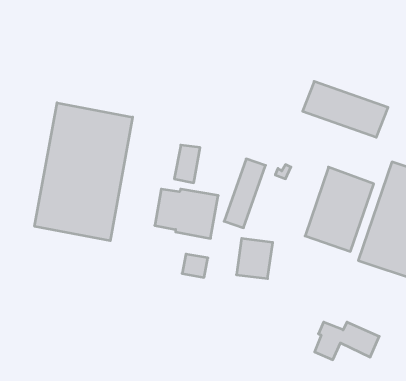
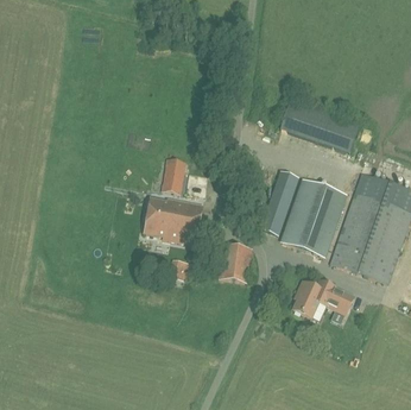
building: [35,103,133,241] -> none
building: [224,159,266,228] -> [260,171,298,234]
building: [315,322,379,360] -> [293,282,353,316]

